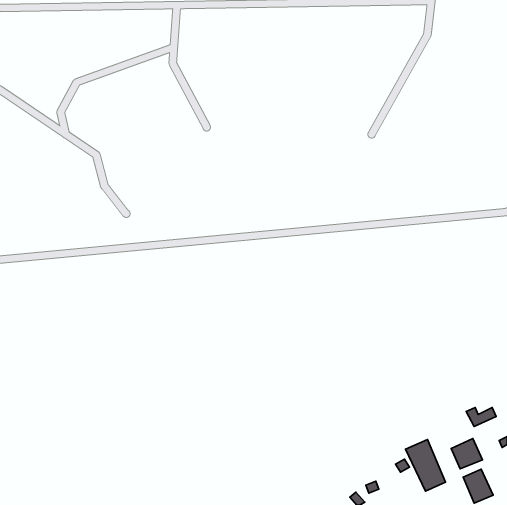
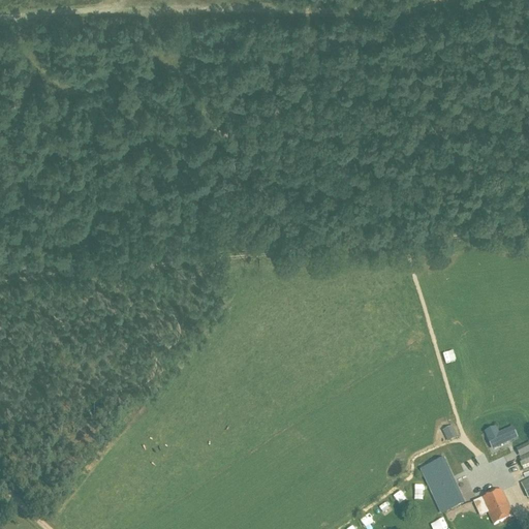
building: [451,439,483,469] -> none

